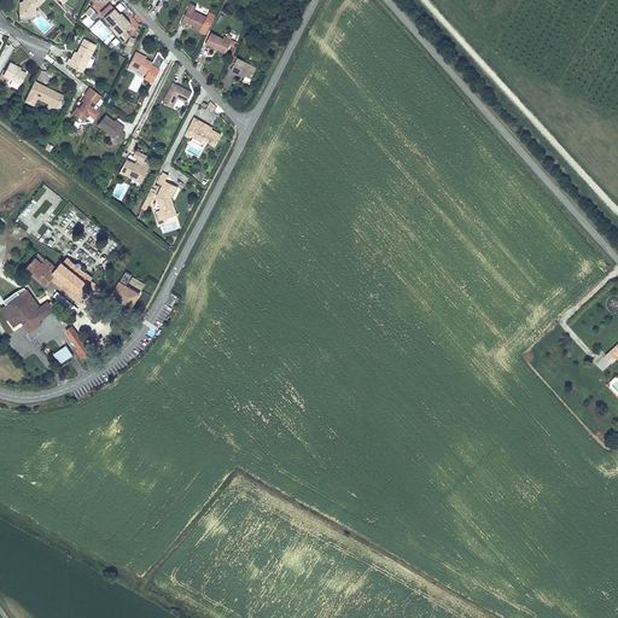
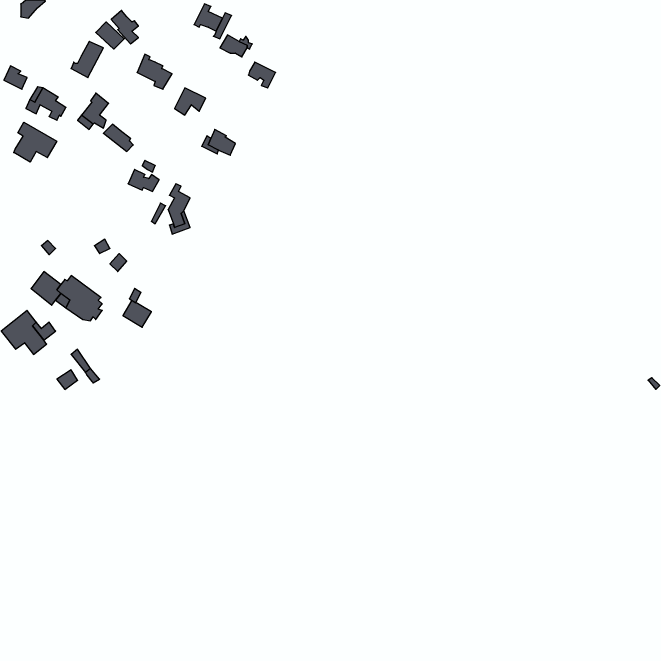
building: none -> [14,122,57,162]

